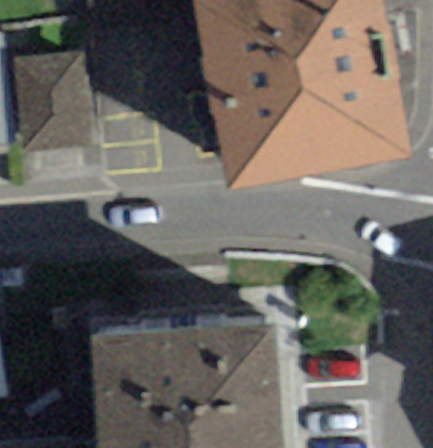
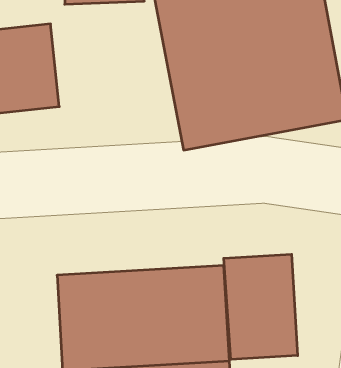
building: none -> [224,254,298,359]

